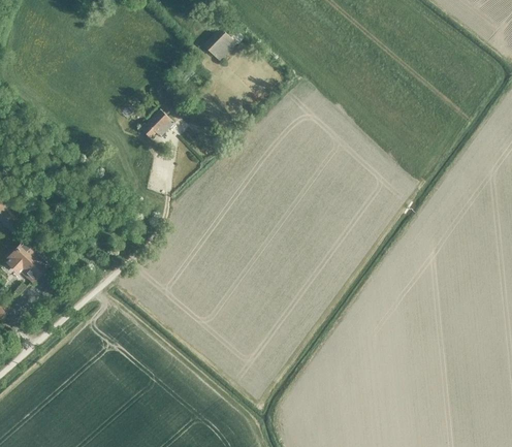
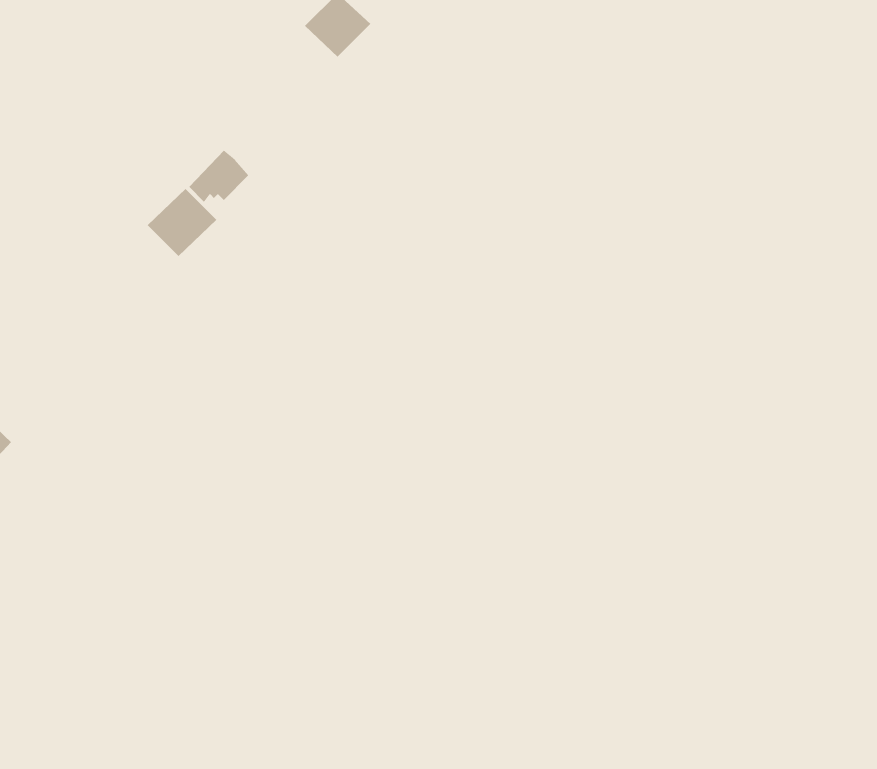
building: none -> [147,188,217,257]

